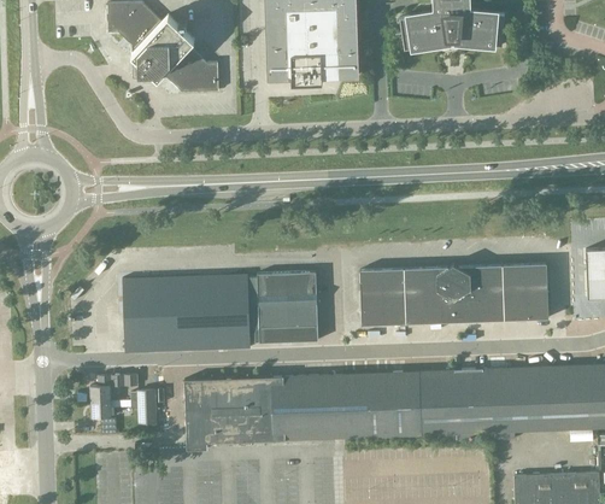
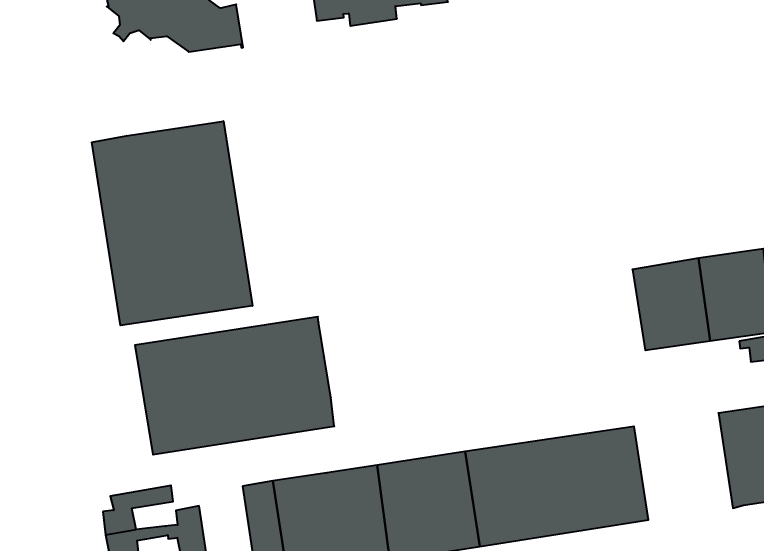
building: none -> [92,121,252,325]
building: [360,265,462,324] -> none
building: [248,271,319,342] -> none
building: [448,358,515,440] -> none

